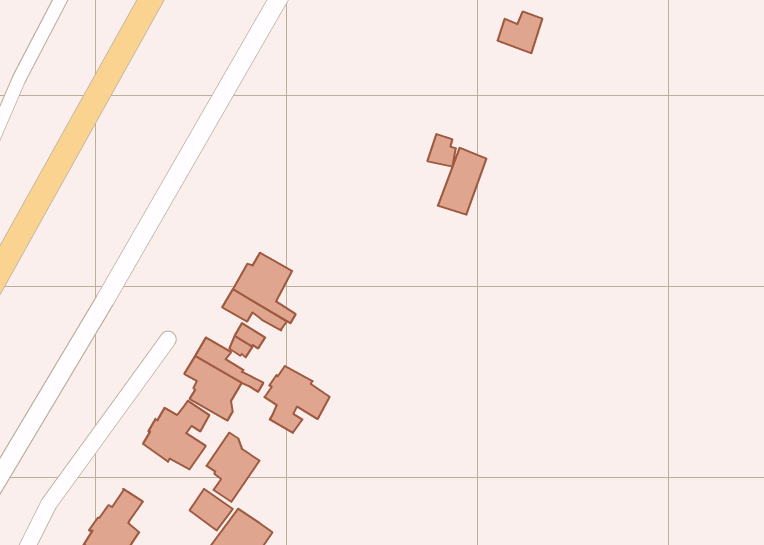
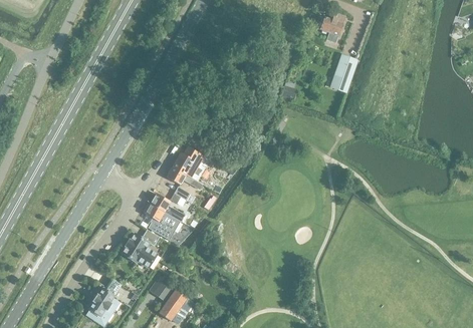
building: [438,148,486,215] -> [329,54,357,91]
building: [264,366,330,433] -> none
building: [206,433,260,502] -> none

